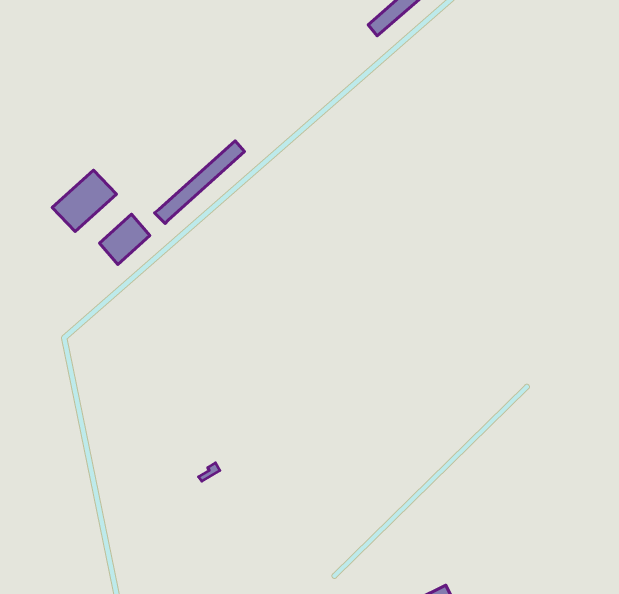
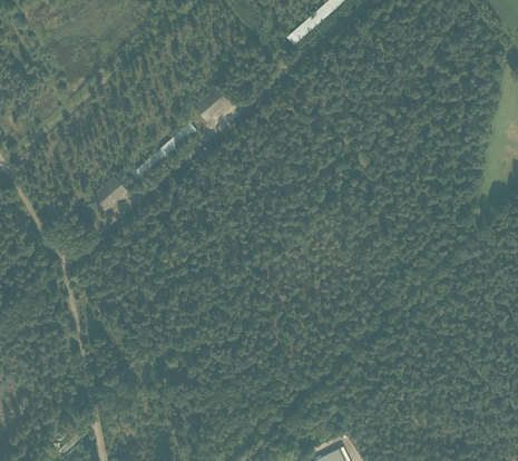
building: none -> [193,86,231,122]
building: [52,170,117,232] -> none

